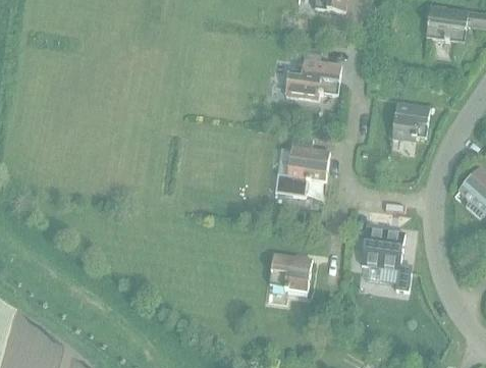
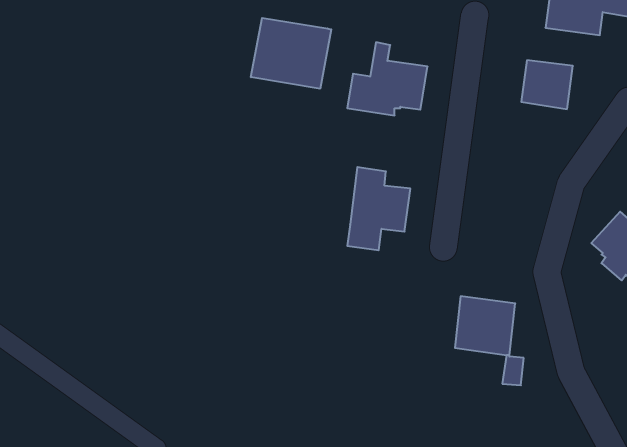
building: none -> [251,18,331,89]
building: [392,103,429,138] -> [521,60,573,109]
building: [269,254,311,296] -> none

